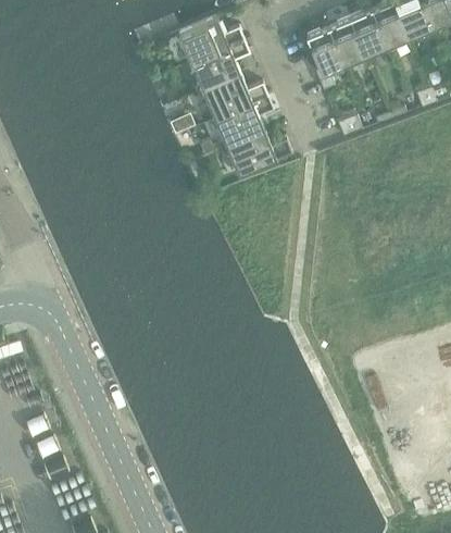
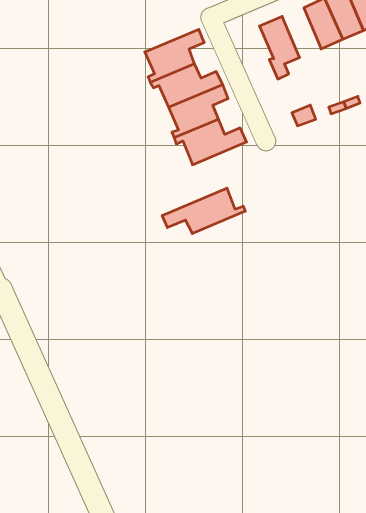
building: [177,16,243,62] -> none
building: [327,17,366,67] -> none
building: none -> [162,188,245,234]

